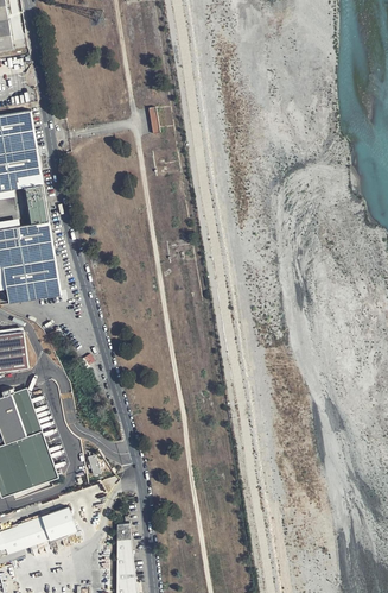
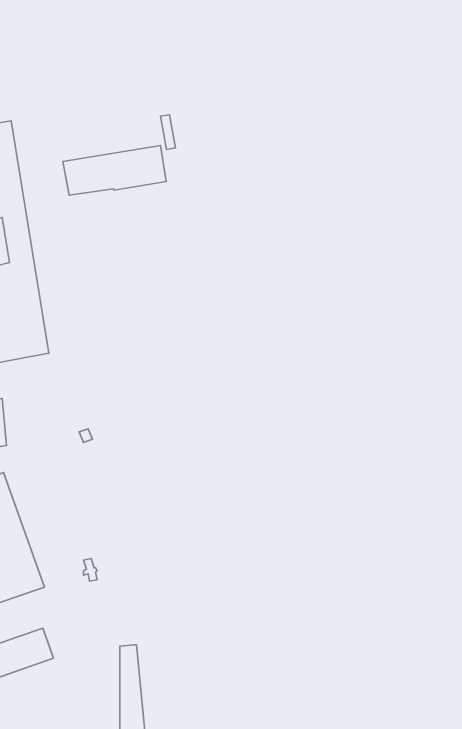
building: none -> [63,146,166,195]

